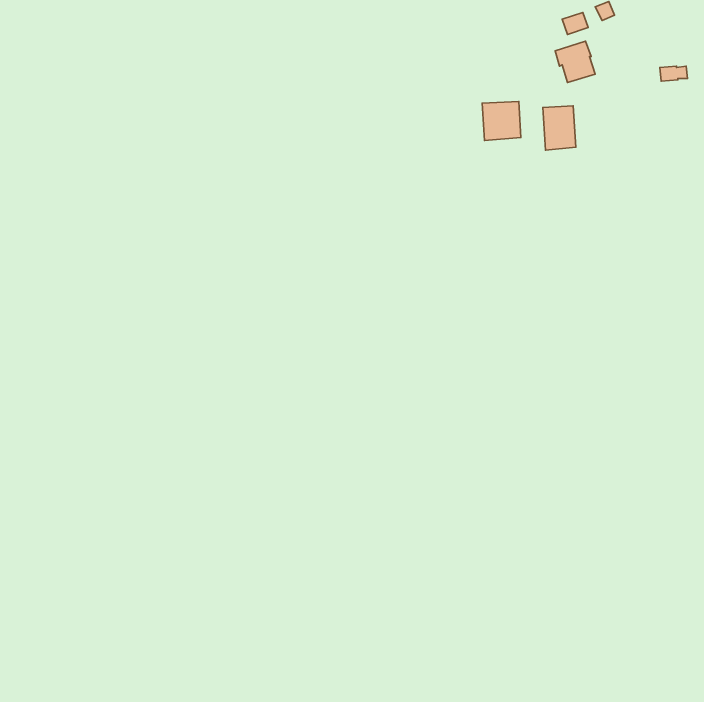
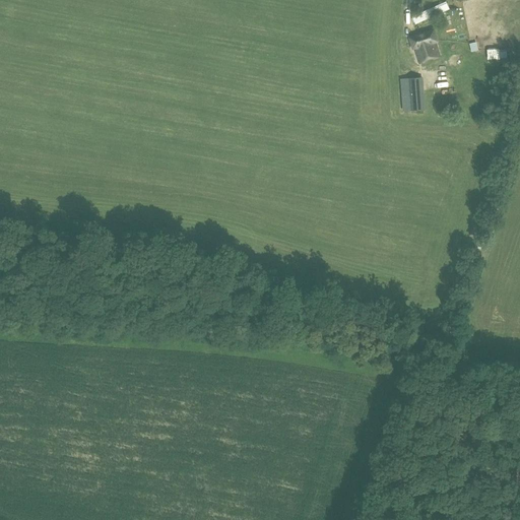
building: [482,101,521,140] -> none

